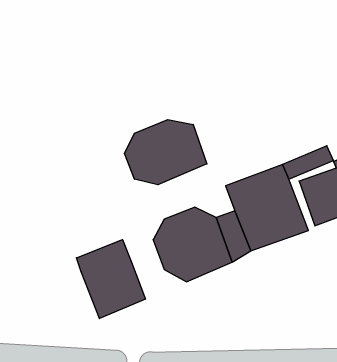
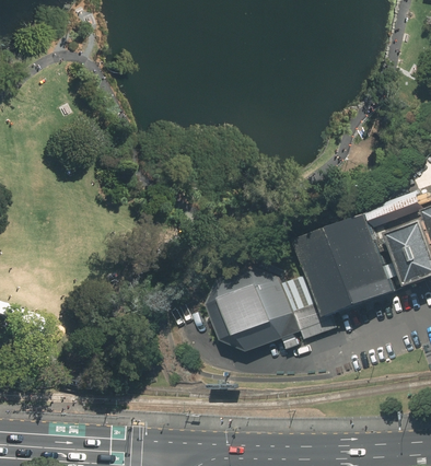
building: [124,120,207,185] -> none
building: [76,240,146,319] -> none

